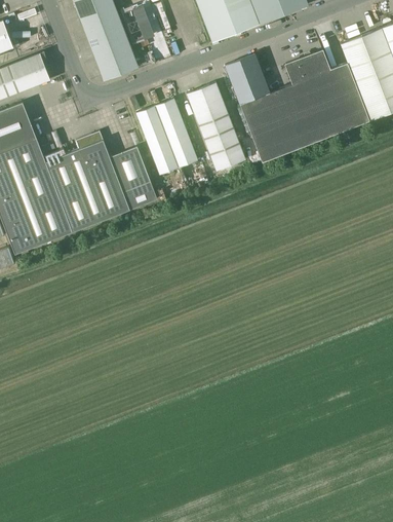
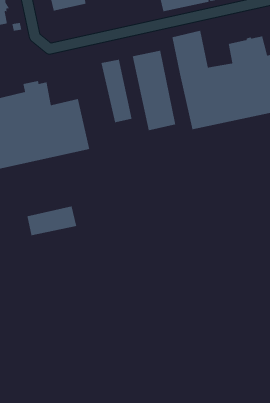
building: [95,45,137,80] -> none
building: [135,105,179,175] -> none
building: none -> [26,205,77,236]

